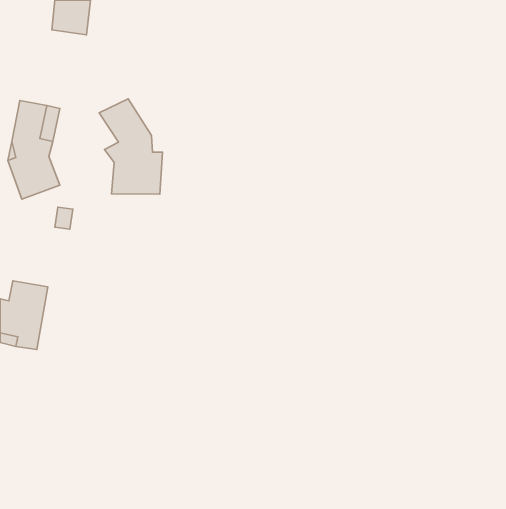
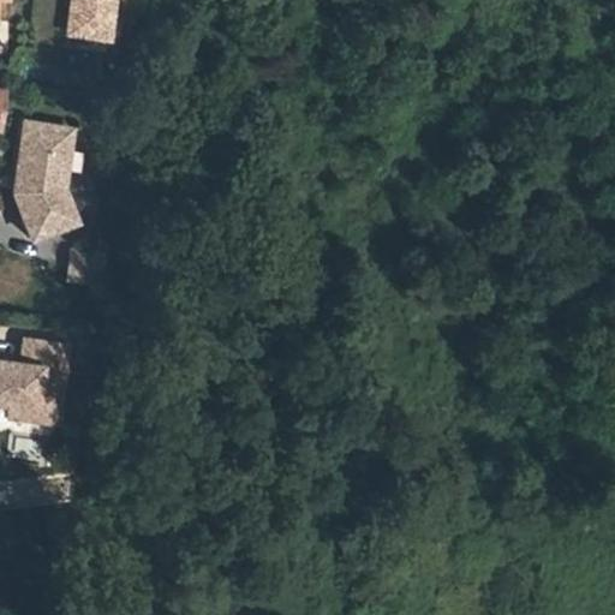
building: [99,99,163,194] -> none

